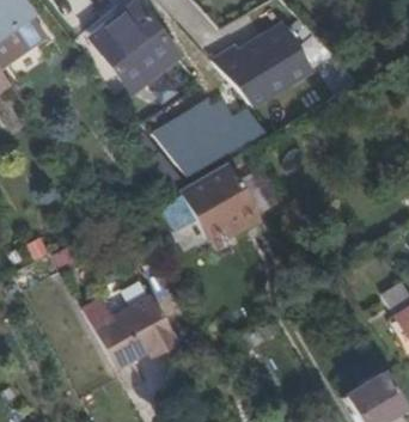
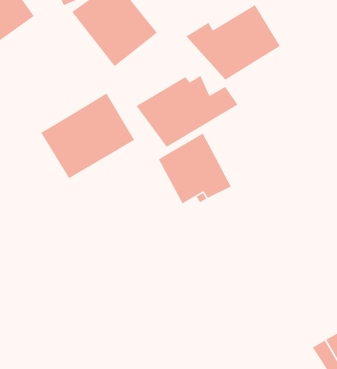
building: none -> [40,93,135,179]
building: [72,271,176,368] -> none

